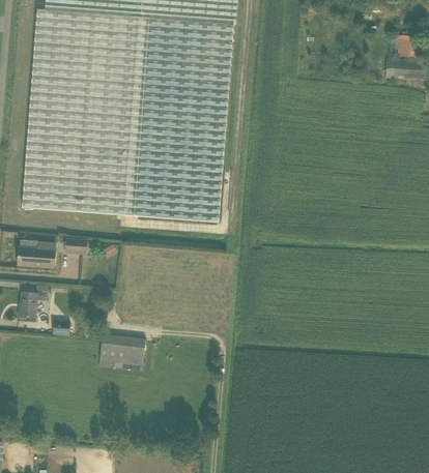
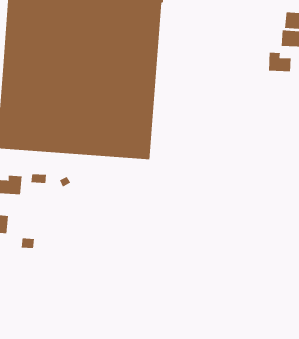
building: none -> [269,52,291,72]
building: [98,333,145,369] -> none

